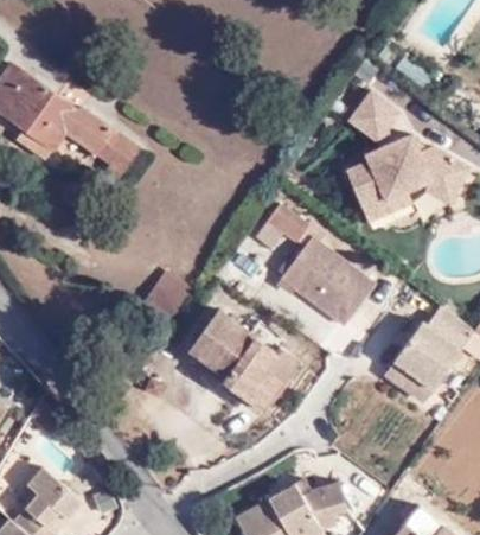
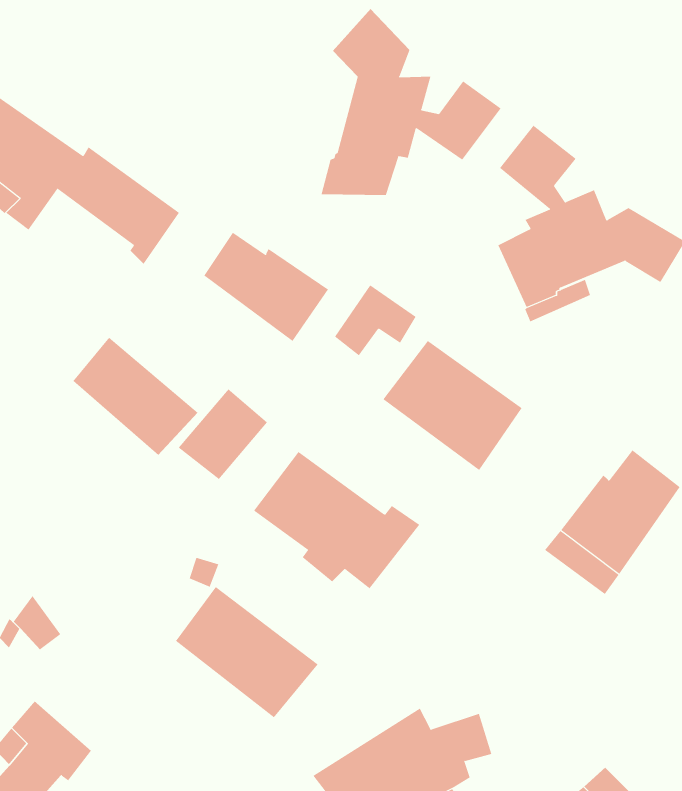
building: none -> [321,8,501,196]
building: none -> [203,232,329,342]
building: none -> [73,337,199,456]
building: none -> [175,586,319,718]

